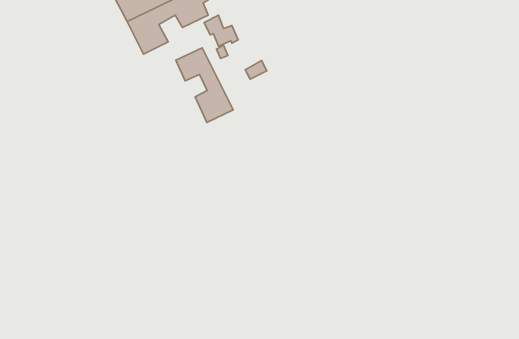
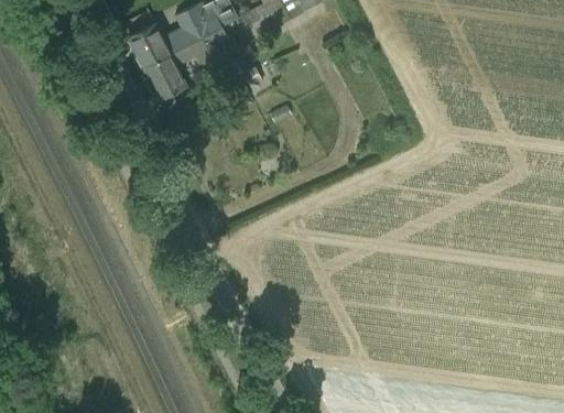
building: [176,48,233,122] -> none

